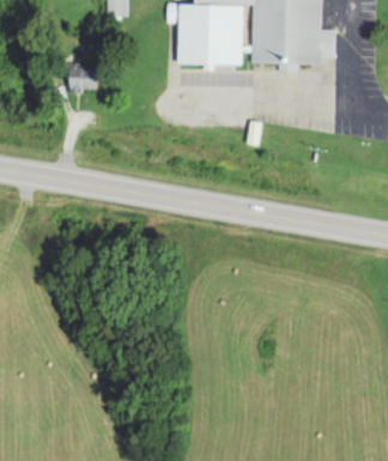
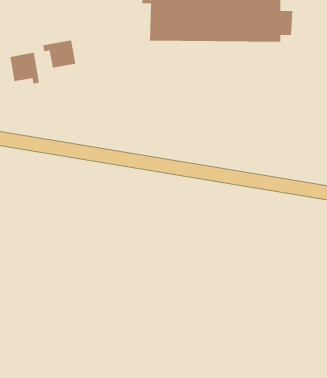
building: none -> [10,52,40,84]

